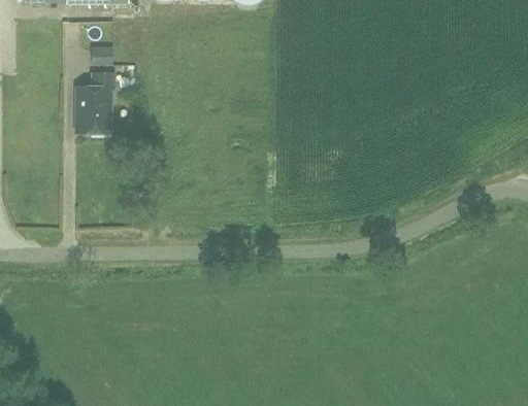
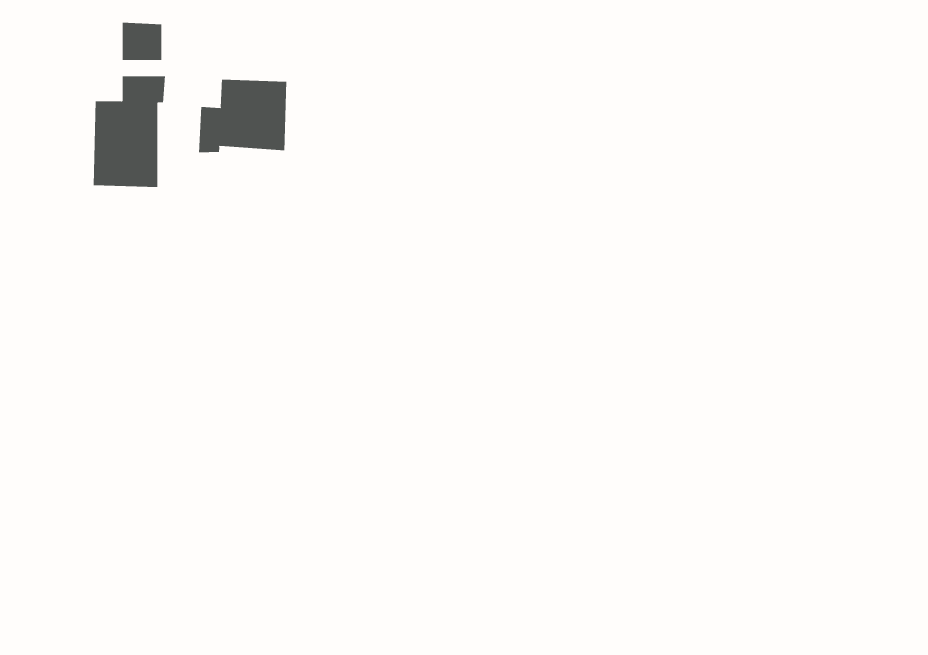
building: none -> [199,79,287,153]

